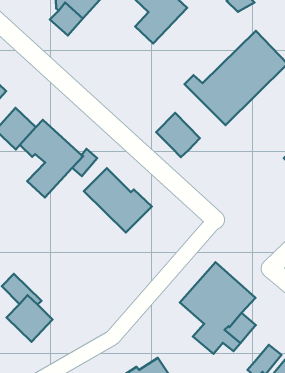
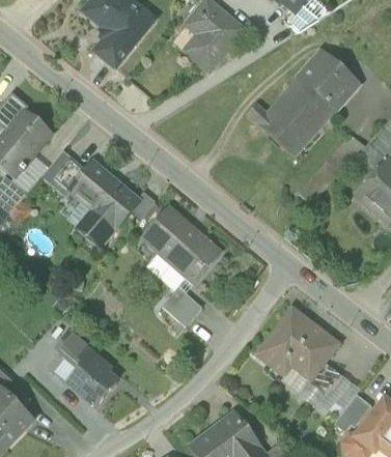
building: [156,113,200,157] -> none
building: none -> [162,286,201,325]
building: none -> [313,378,356,419]

